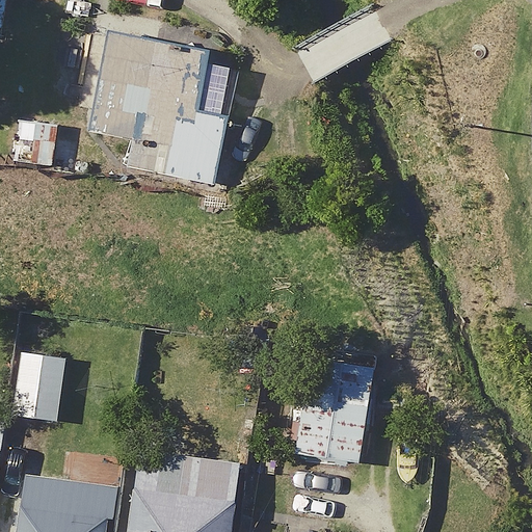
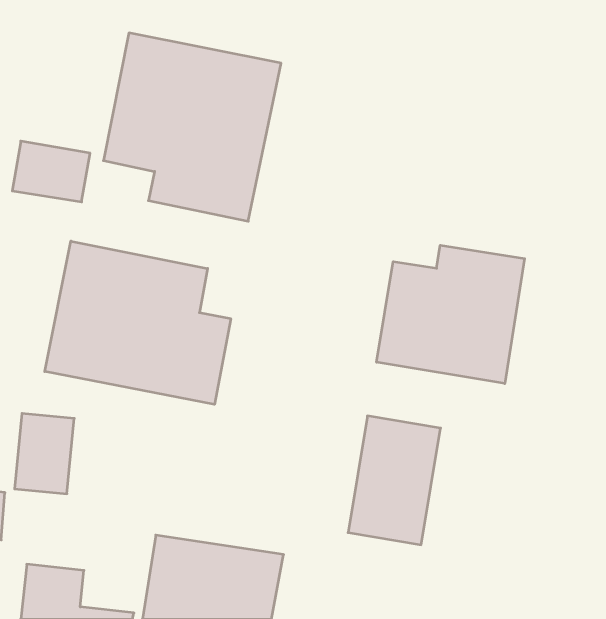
building: none -> [45,241,231,404]
building: none -> [377,245,525,384]

